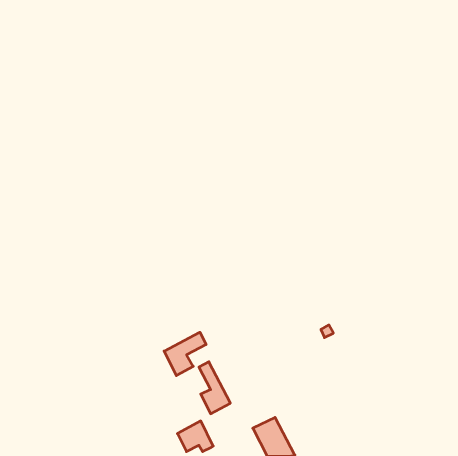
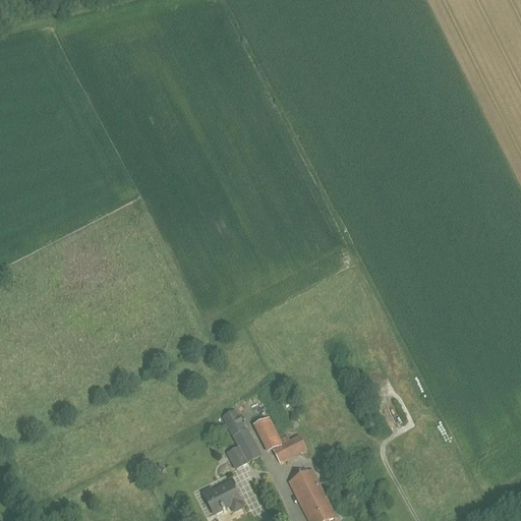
building: [164,332,206,376] -> none
building: none -> [259,420,306,459]

